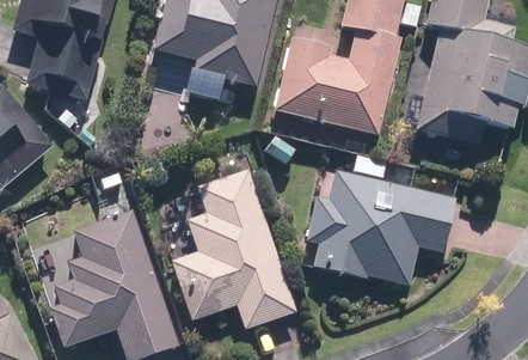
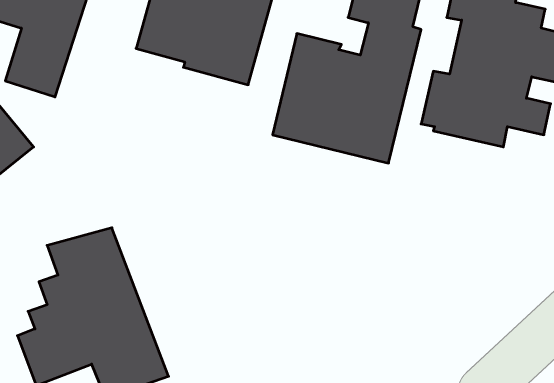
building: [306,155,455,285] -> none
building: [168,172,295,328] -> none

